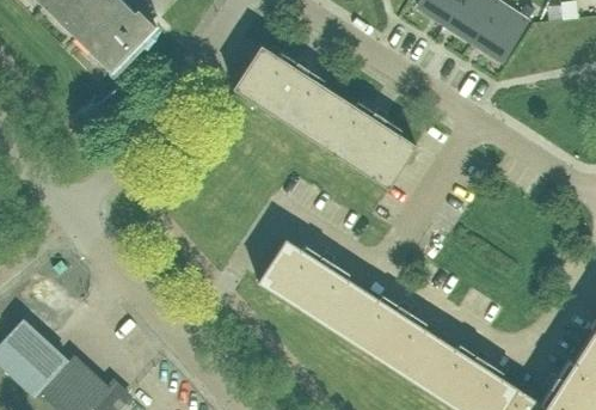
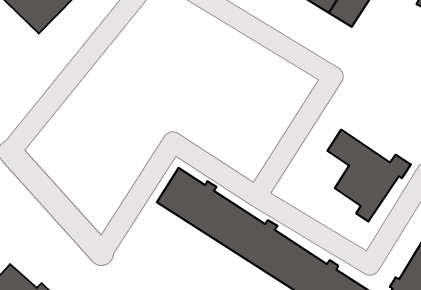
building: [233,44,416,186] -> none
building: none -> [327,130,411,222]

